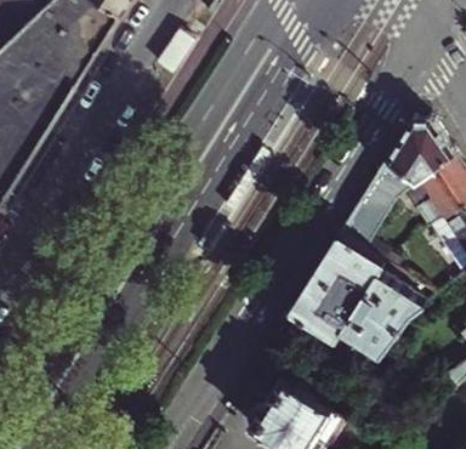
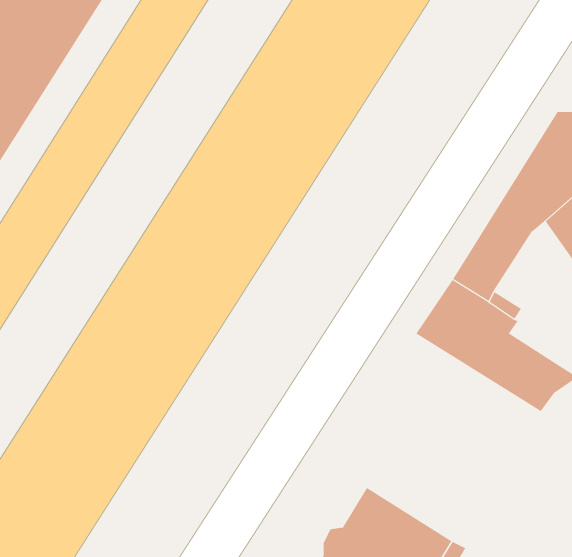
building: [289,277,400,360] -> none

